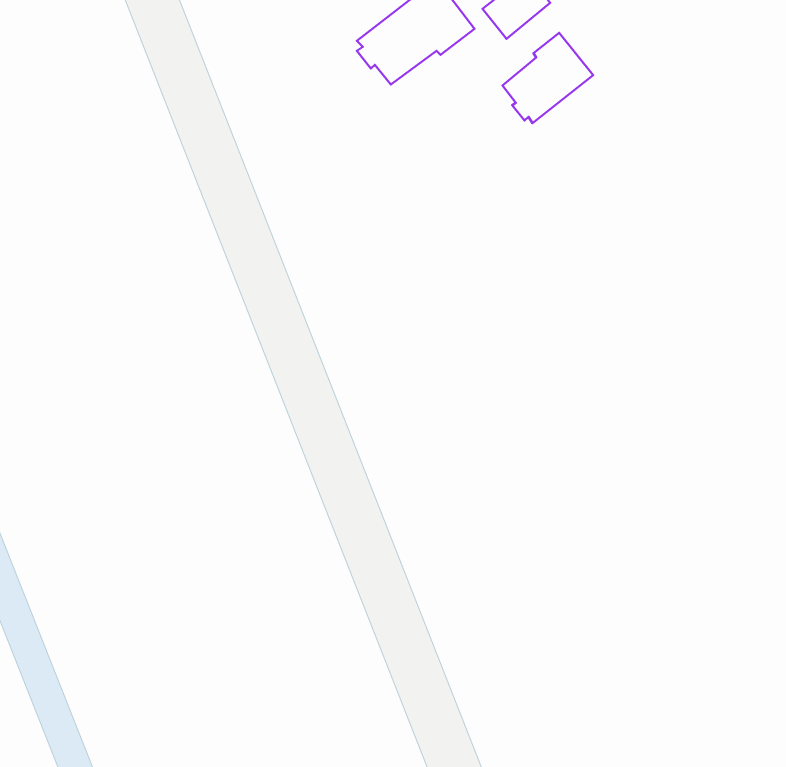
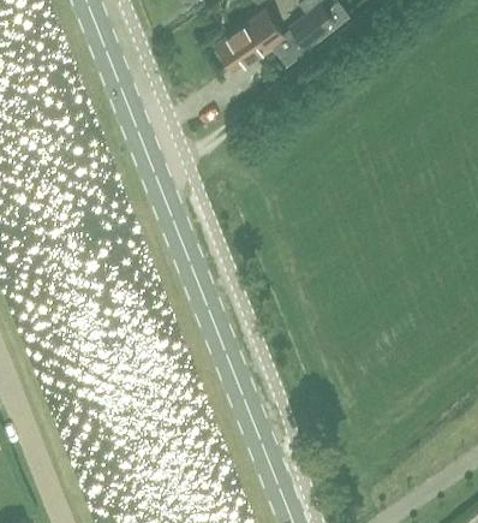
building: [502,33,593,123] -> none

